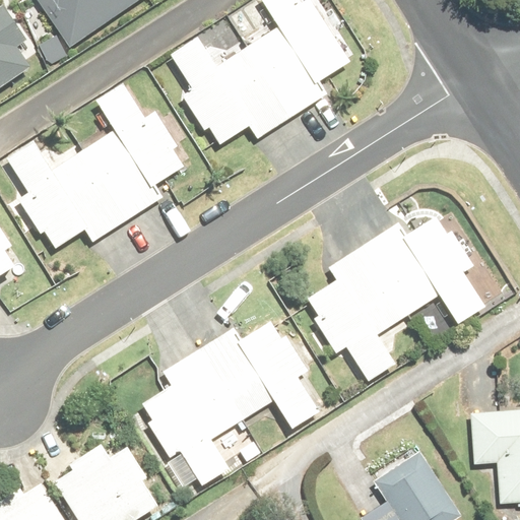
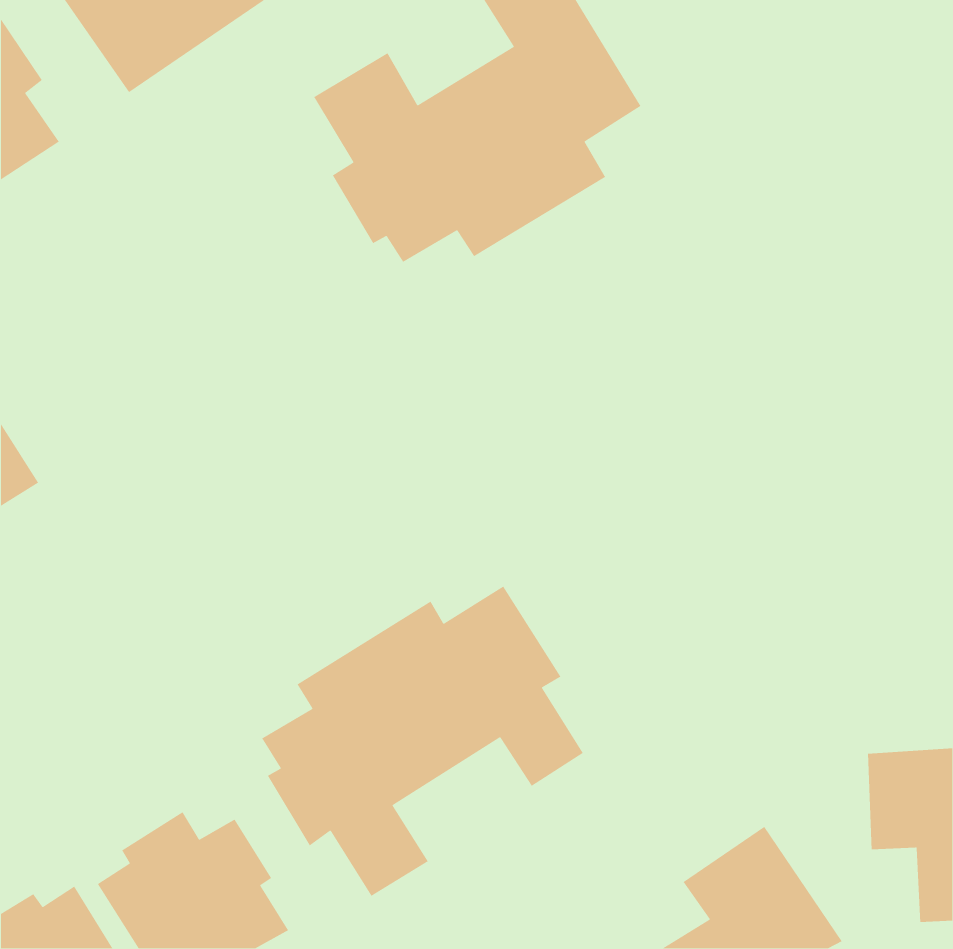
building: [4,83,185,248] -> none
building: [306,214,482,381] -> none

